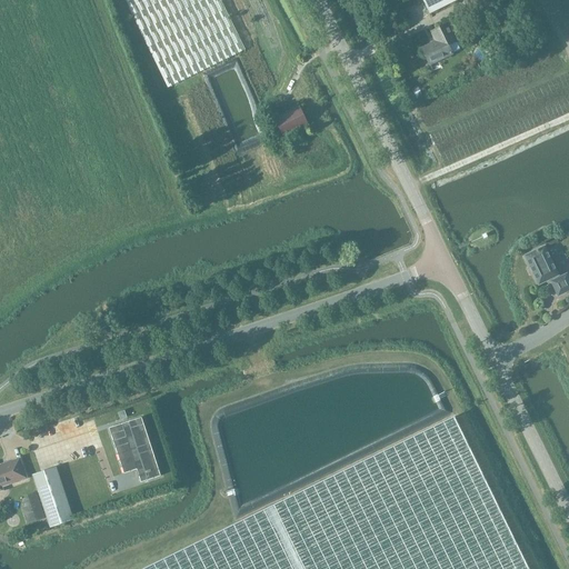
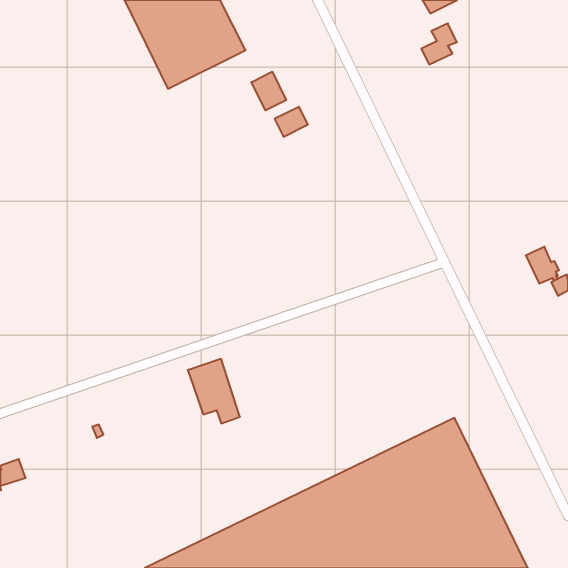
building: none -> [251,72,286,110]
building: [108,417,160,481] -> [188,359,240,423]
building: [32,467,73,528] -> none

